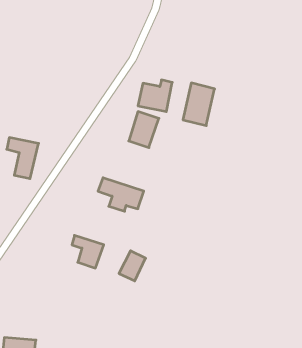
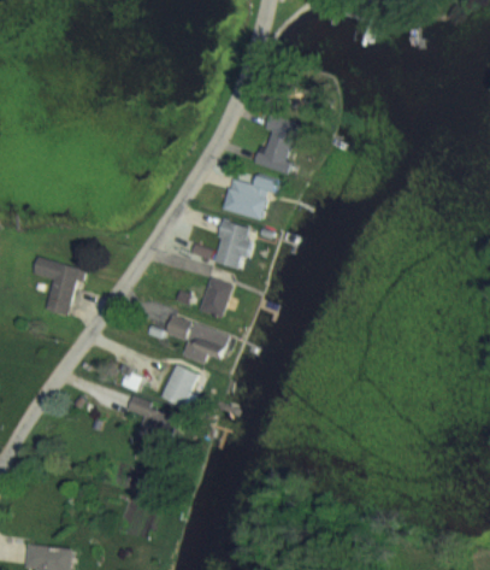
building: [183,83,215,126] -> [256,111,302,172]
building: none -> [196,278,231,317]
building: [119,251,146,281] -> [159,364,197,407]

